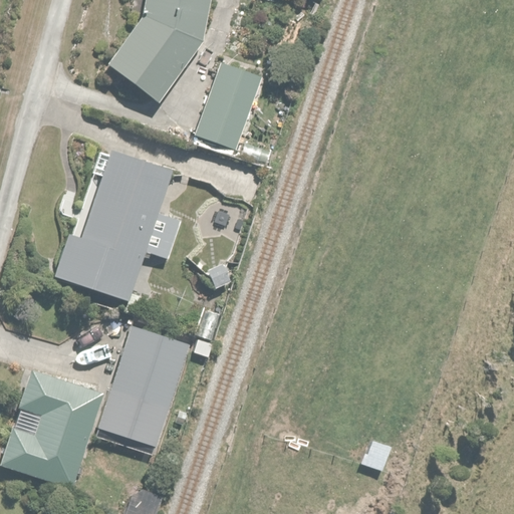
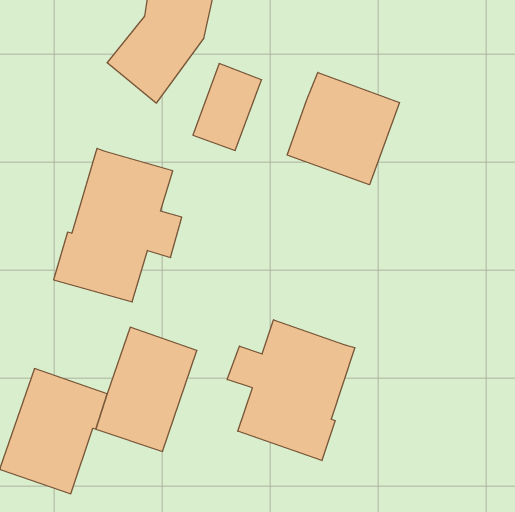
building: none -> [287,72,399,185]
building: none -> [227,320,355,461]

